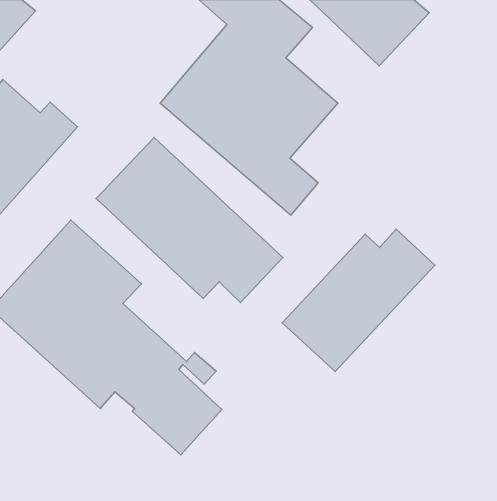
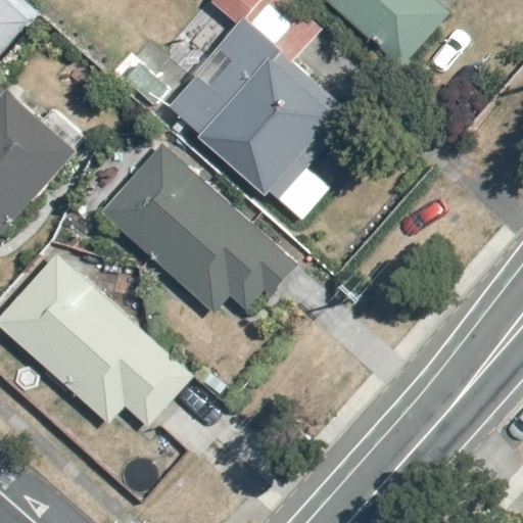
building: [282,229,435,371] -> none

